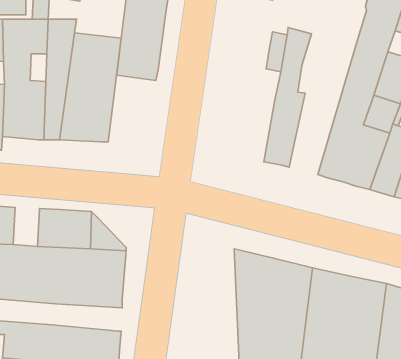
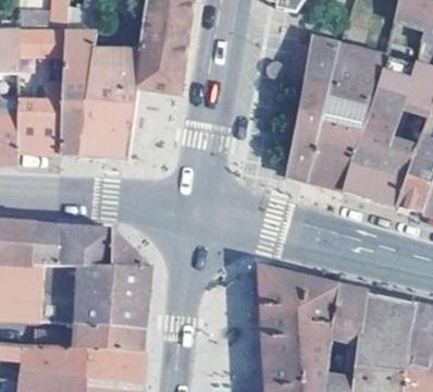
building: none -> [314,45,383,189]
building: none -> [30,223,58,264]
building: none -> [71,322,143,351]

